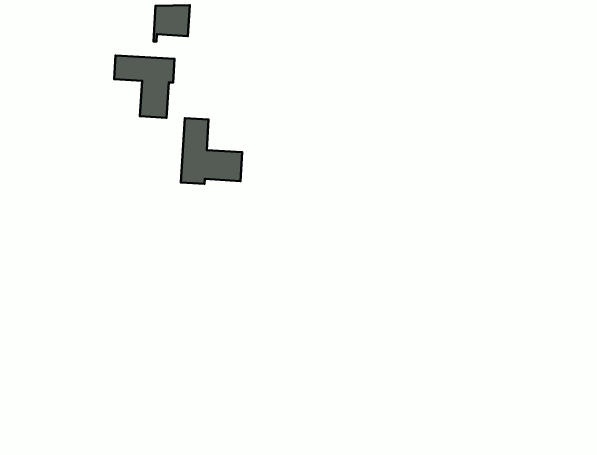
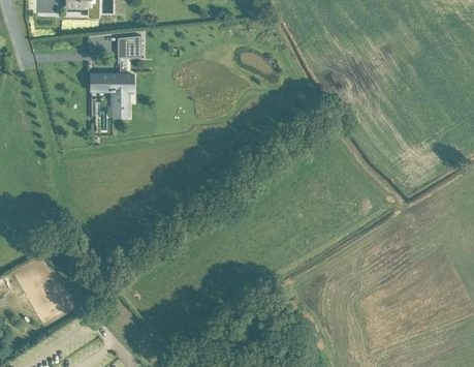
building: [181,118,242,184] -> none

